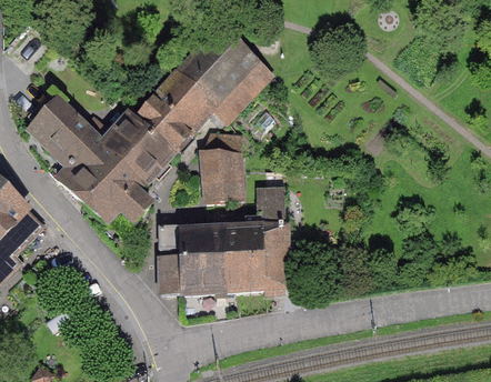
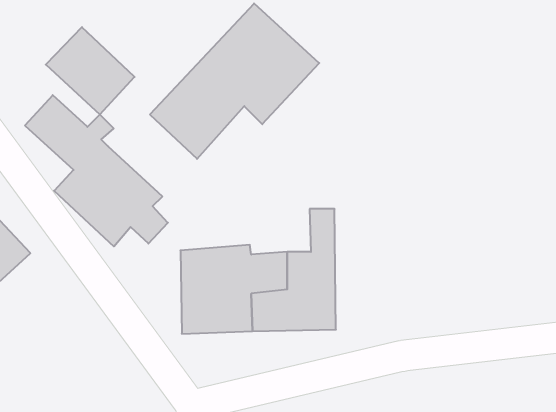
building: [100,111,171,181] -> [46,27,135,114]
building: [201,132,239,199] -> none

